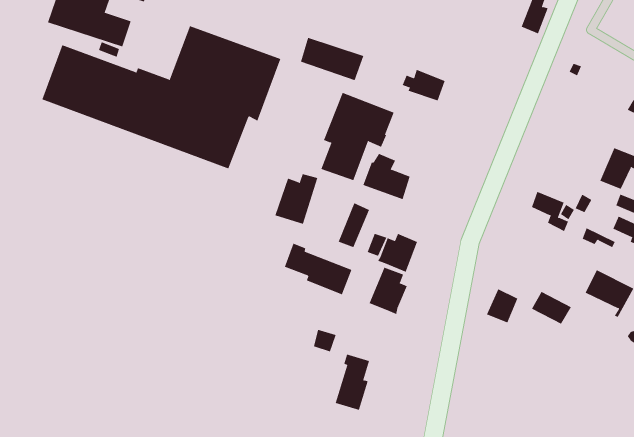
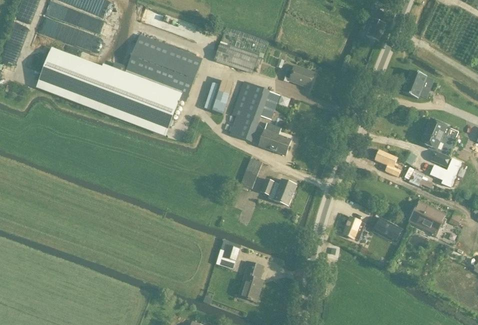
building: none -> [402,70,433,98]
building: [275,174,318,224] -> [203,79,233,114]
building: [284,243,352,295] -> none
building: [369,267,407,315] -> none

